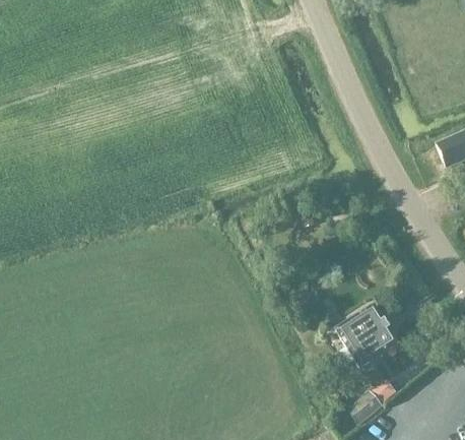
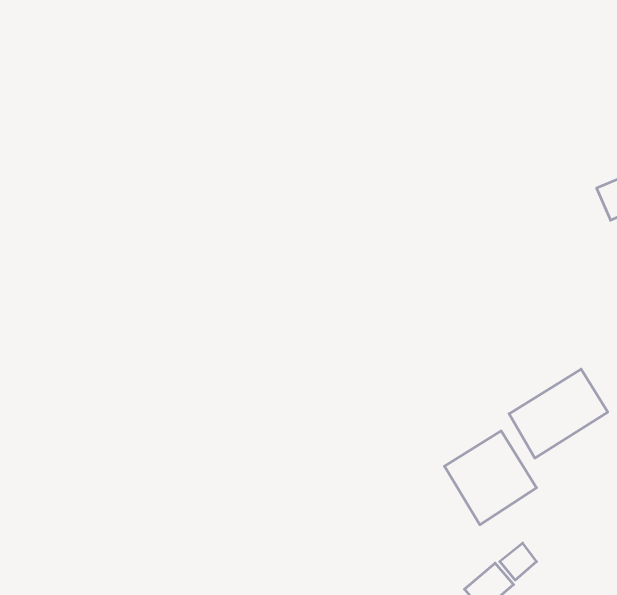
building: none -> [509,369,608,458]

